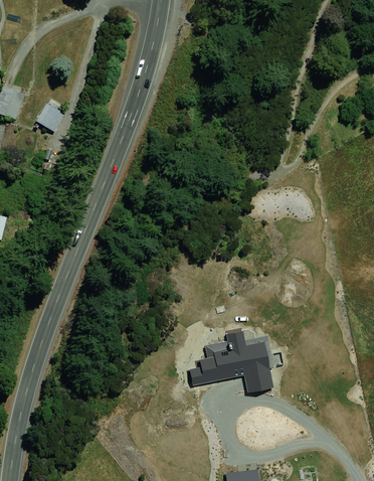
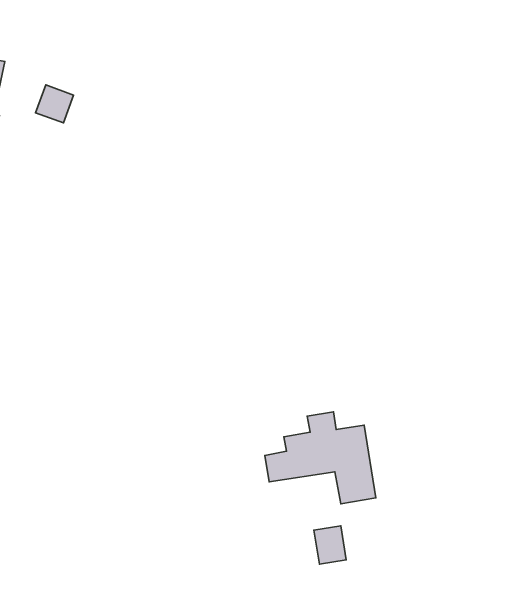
building: none -> [314,526,346,564]

